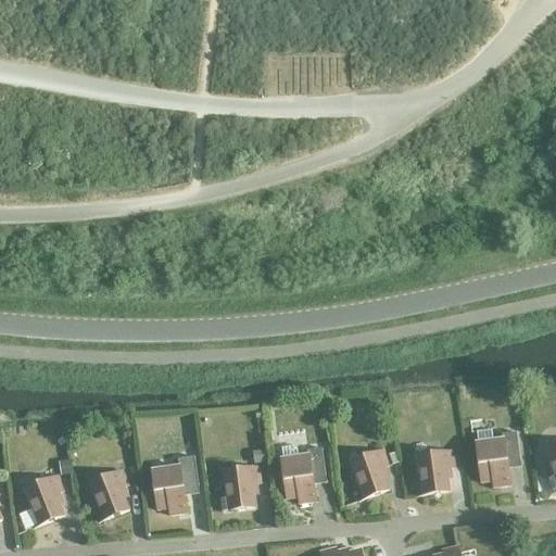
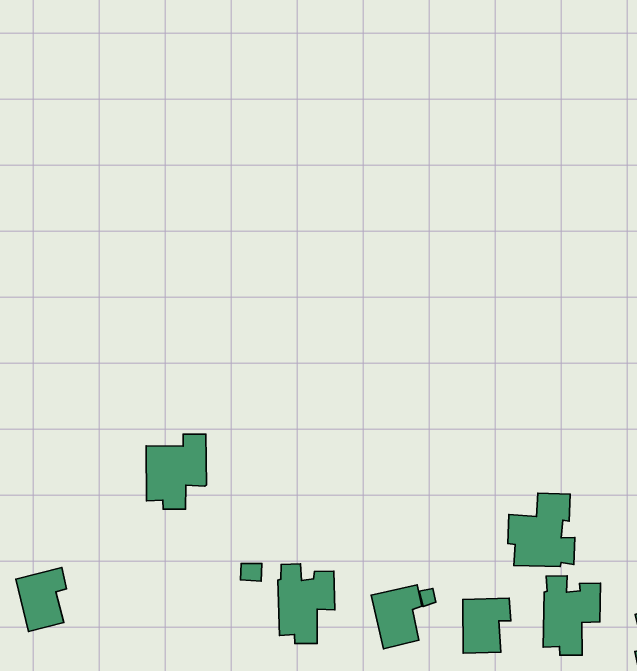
building: none -> [508,493,575,567]
building: [151,454,199,513] -> [146,434,207,509]
building: [219,465,260,509] -> none

